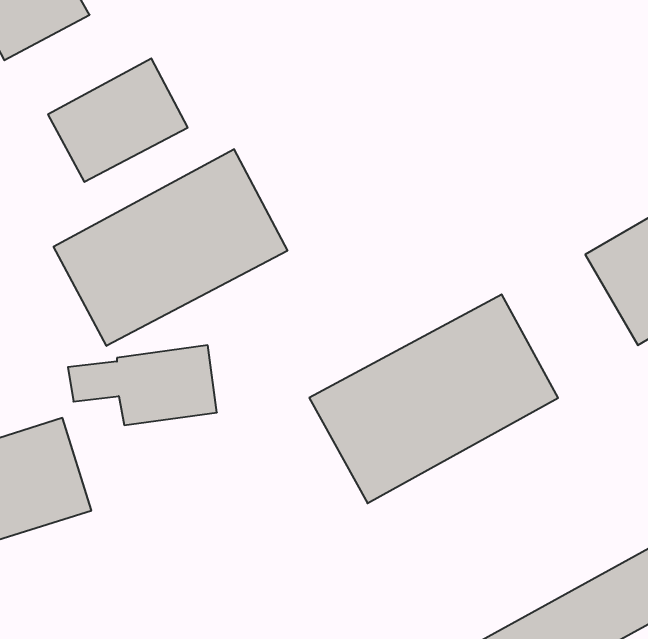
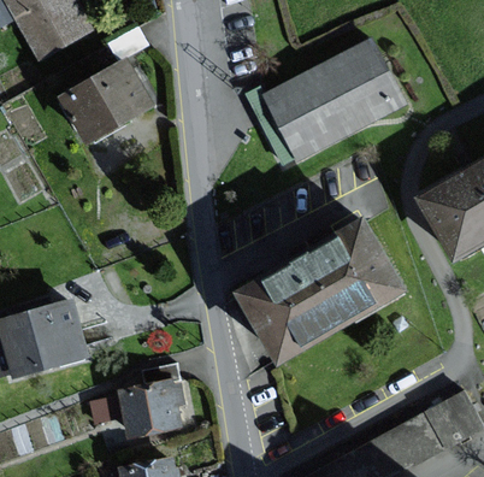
building: none -> [262,39,402,154]
building: [54,149,287,346] -> none
building: [68,345,217,425] -> [88,387,187,440]

